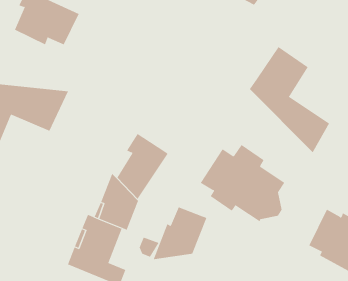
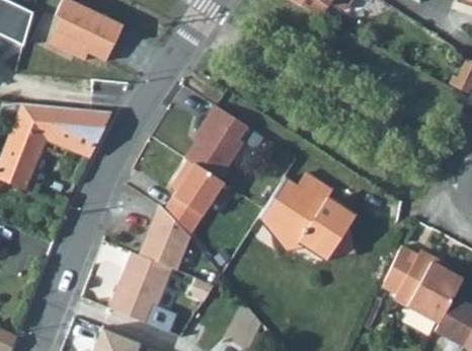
building: [249,46,330,153] -> none
building: none -> [185,106,248,181]
building: [153,207,207,260] -> none

